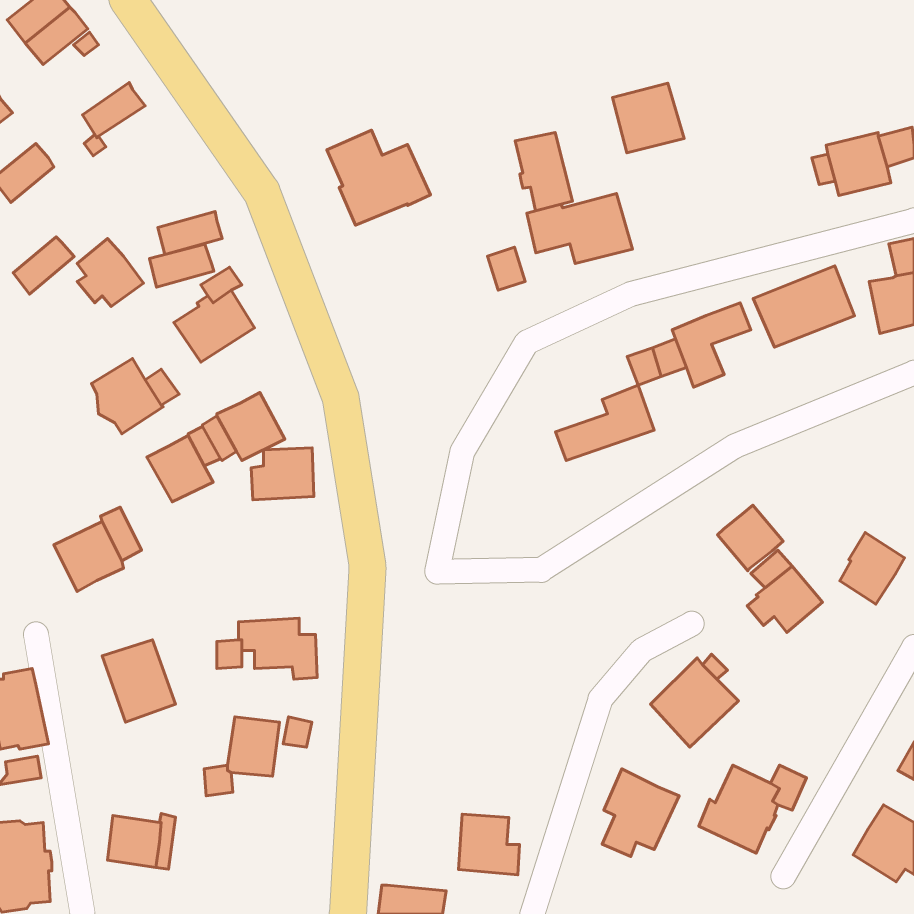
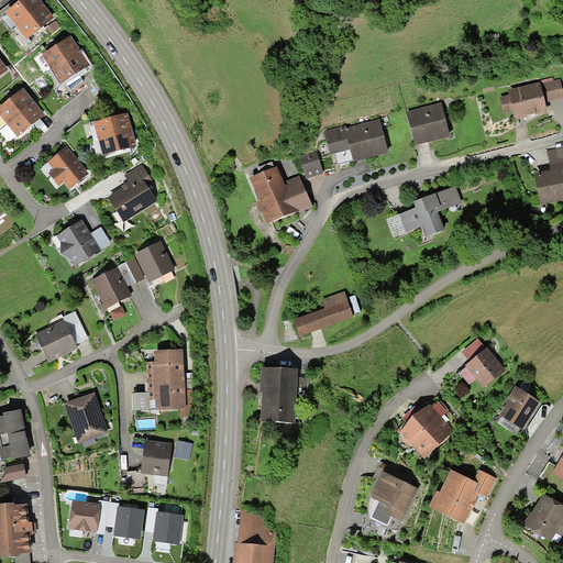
building: none -> [41,36,79,70]
building: [612,83,684,153] -> [406,102,450,145]
building: [327,130,431,225] -> [249,166,312,224]
building: [515,132,572,211] -> none
building: [13,237,74,294] -> [7,102,44,137]
building: [149,244,214,287] -> [92,113,132,140]
building: [753,266,854,347] -> none
building: [556,385,654,461] -> [292,290,353,336]
building: [251,448,314,500] -> [145,350,184,382]
building: [717,505,783,571] -> none
building: [840,533,904,604] -> [499,386,539,430]
building: none -> [260,367,297,423]
building: [459,814,520,875] -> [238,509,275,547]
building: none -> [112,506,144,540]
building: none -> [152,511,183,545]

